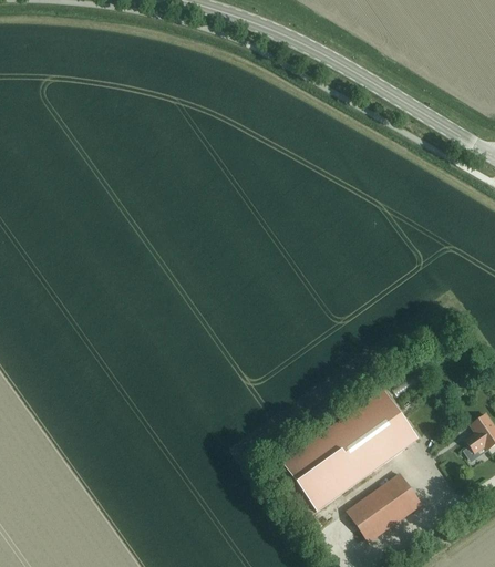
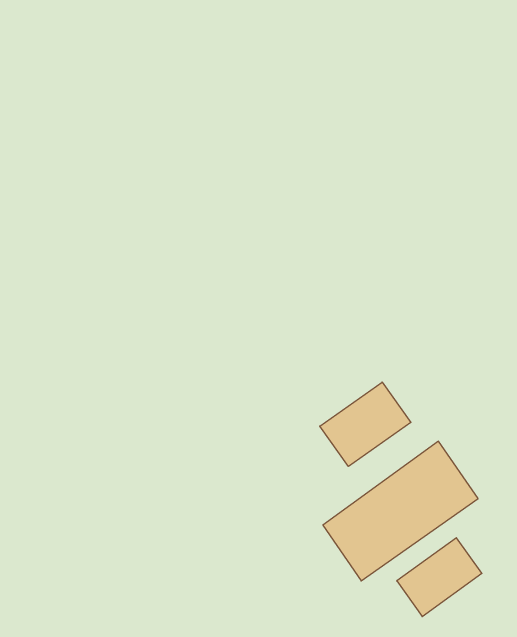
building: none -> [320,382,411,466]

